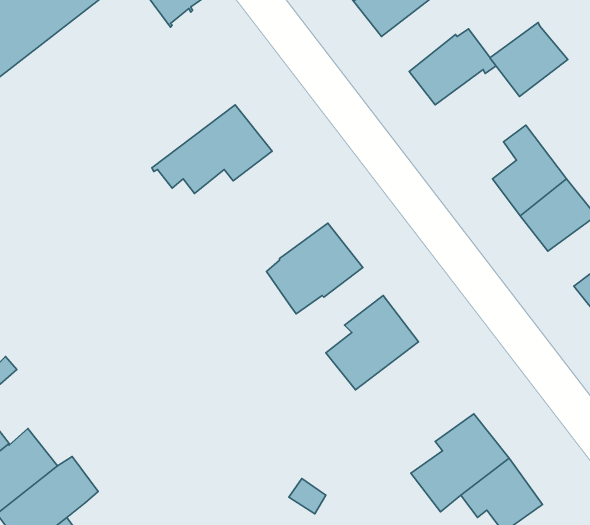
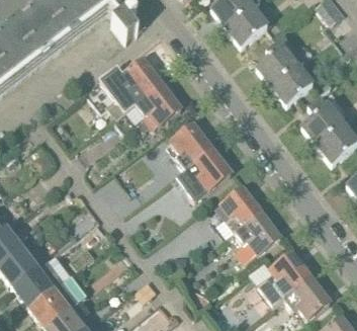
building: [490,23,568,97] -> [270,61,313,101]
building: none -> [86,56,161,114]
building: none -> [171,120,211,164]
building: none -> [227,210,280,262]

